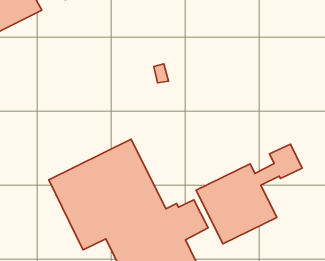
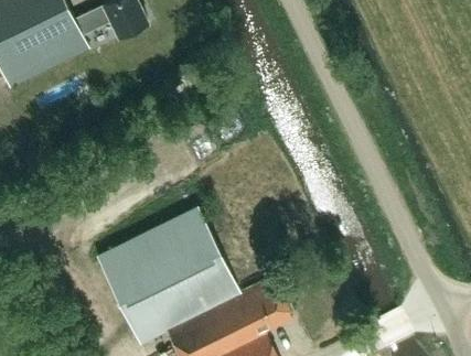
building: [196,144,302,244] -> none

